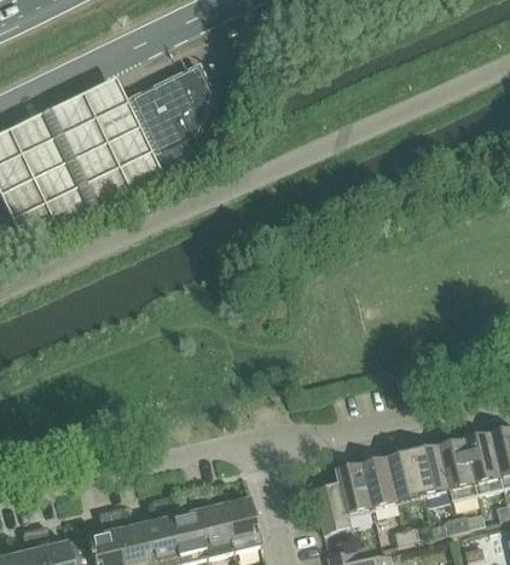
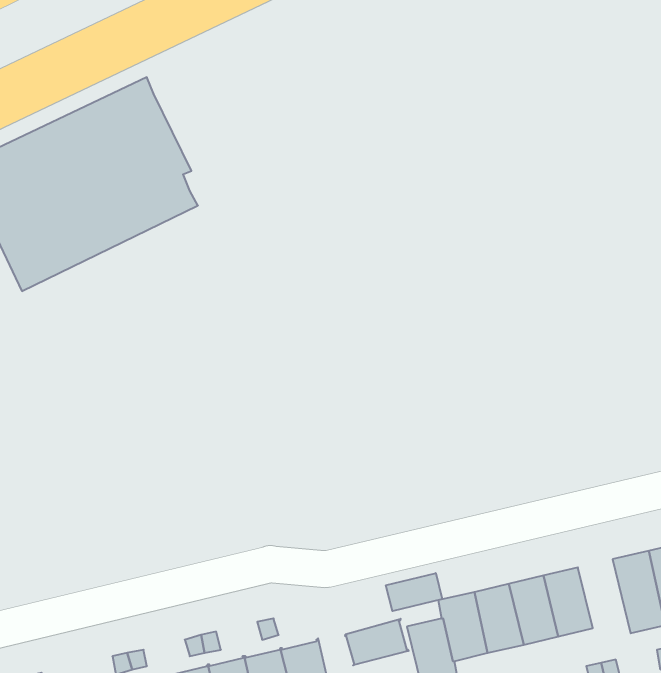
building: [124,62,209,178] -> none
building: [436,438,475,498] -> none
building: none -> [386,573,442,611]
building: none -> [345,619,409,665]

